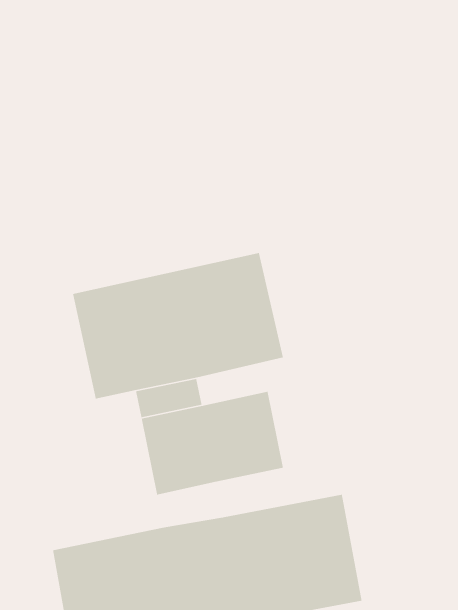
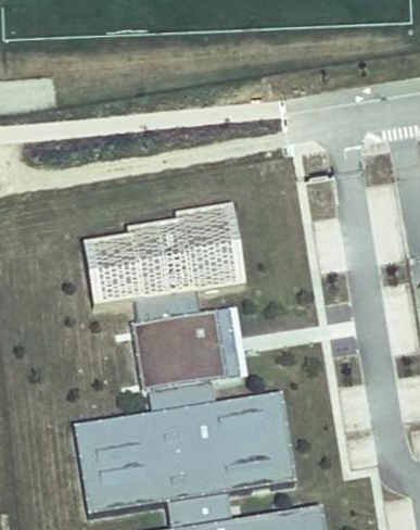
building: none -> [149,381,199,415]

